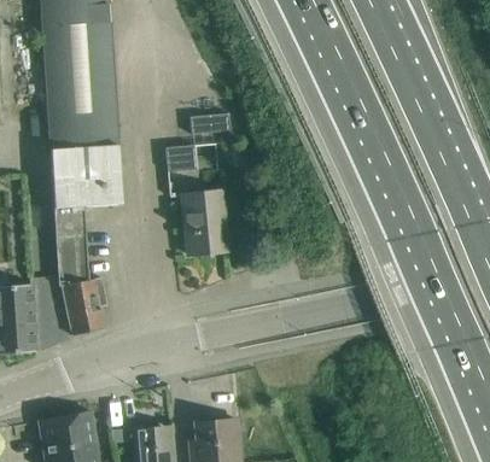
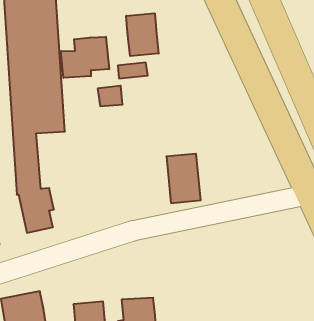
building: none -> [126,13,159,56]
building: none -> [61,37,109,78]
building: [182,191,227,255] -> [166,154,201,203]

